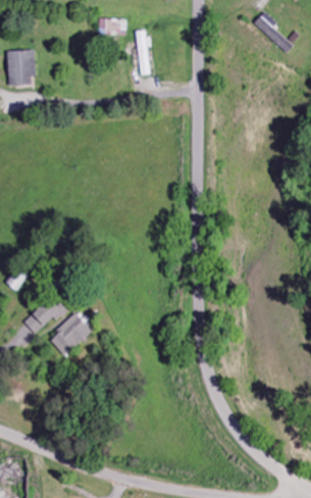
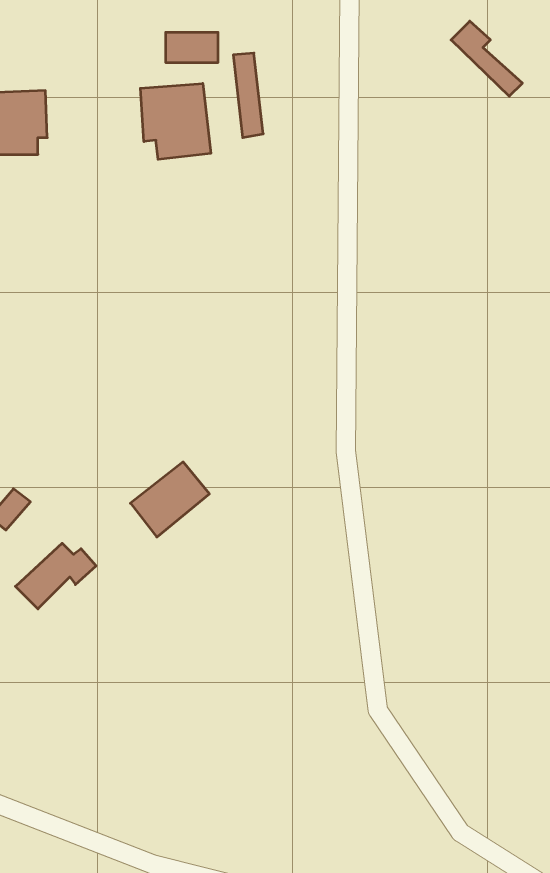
building: none -> [140,83,211,159]
building: [43,313,86,354] -> [130,462,209,537]

